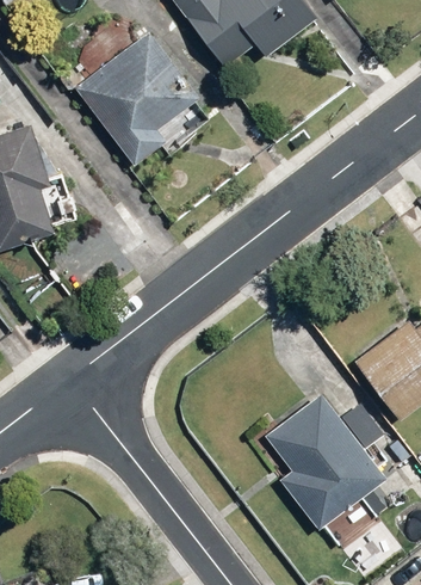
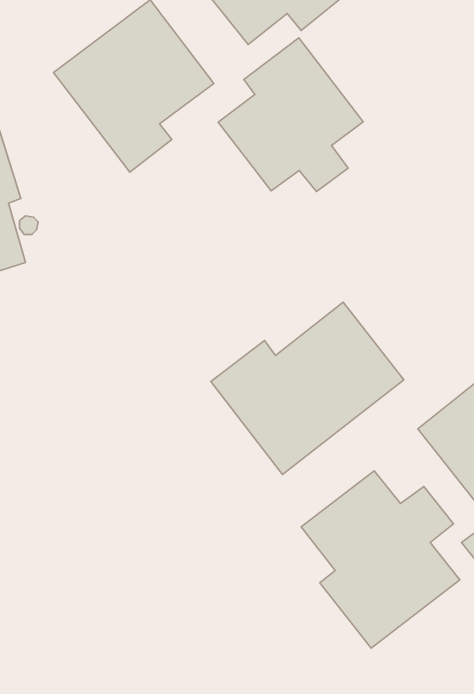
building: none -> [218,38,363,192]
building: none -> [211,302,404,474]

